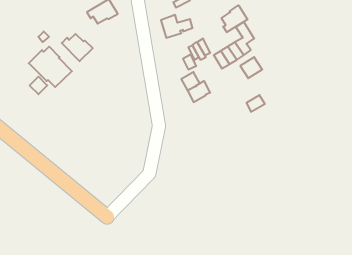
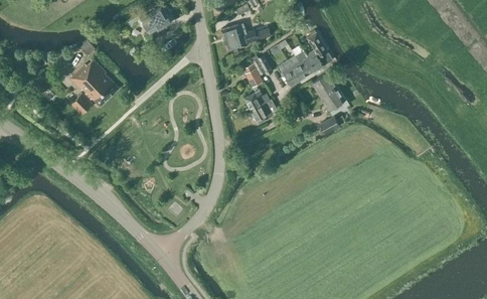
building: [222,5,247,32] -> none
building: [62,34,93,61] -> none
building: none -> [320,86,348,111]

